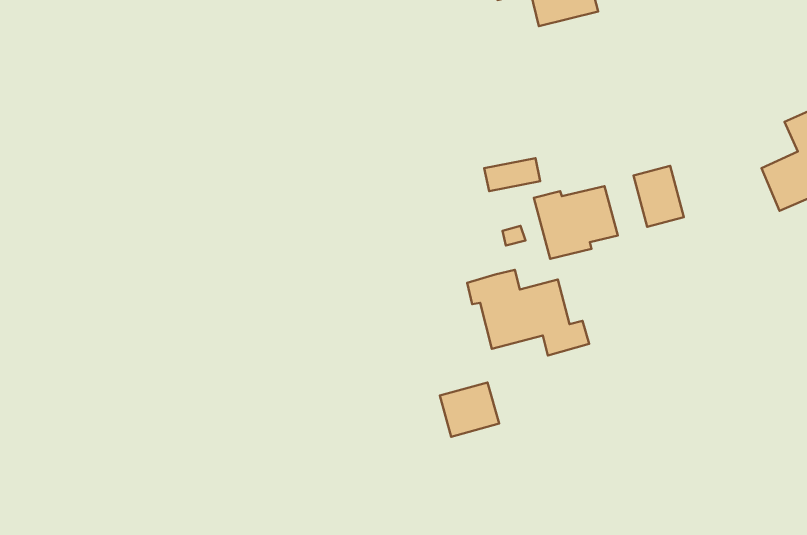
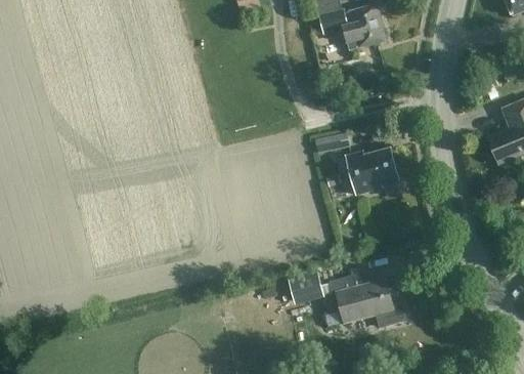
building: [634,166,684,227] -> none
building: [467,270,589,355] -> [330,273,405,326]

